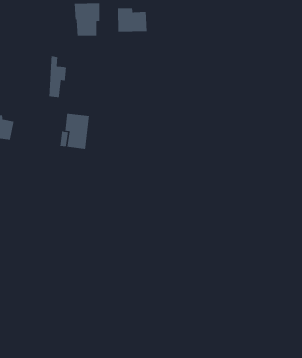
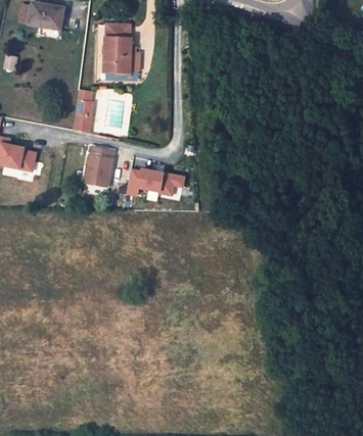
building: [117,8,147,33] -> none
building: none -> [126,168,183,195]

